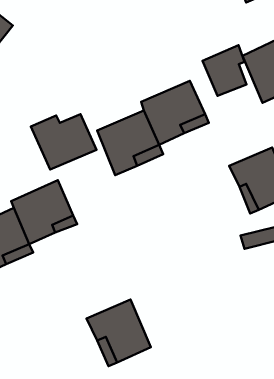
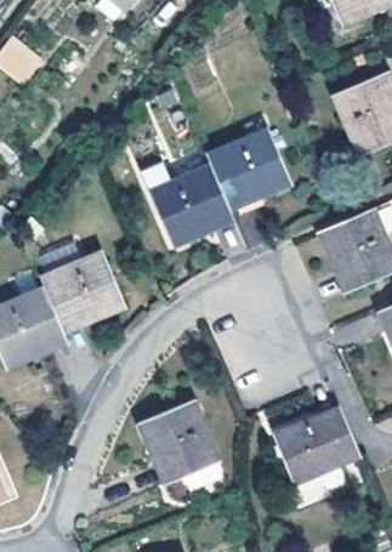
building: [203,45,246,96] -> none
building: [31,114,96,169] -> none
building: none -> [272,406,358,485]

